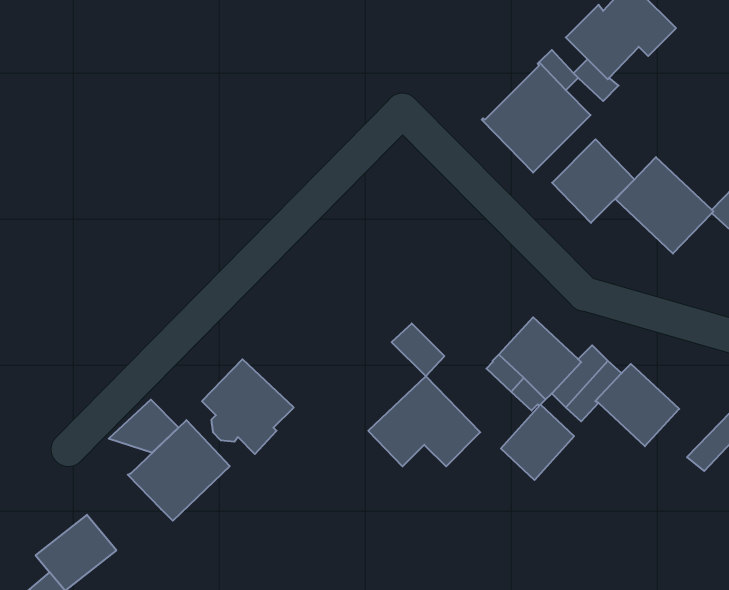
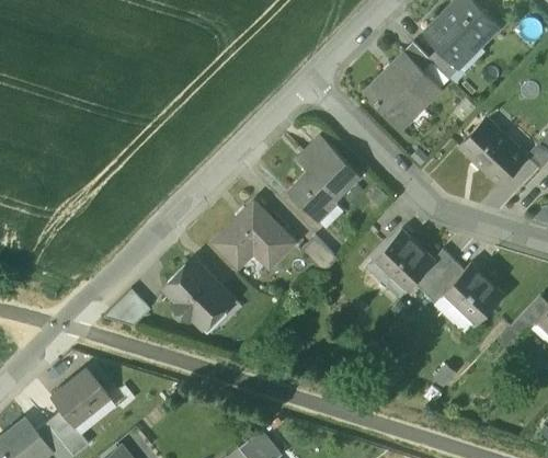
building: [552,139,634,223] -> none
building: none -> [290,136,361,218]
building: [368,376,480,466] -> [216,202,295,265]
building: [501,405,574,480] -> none
building: [128,420,230,521] -> none

